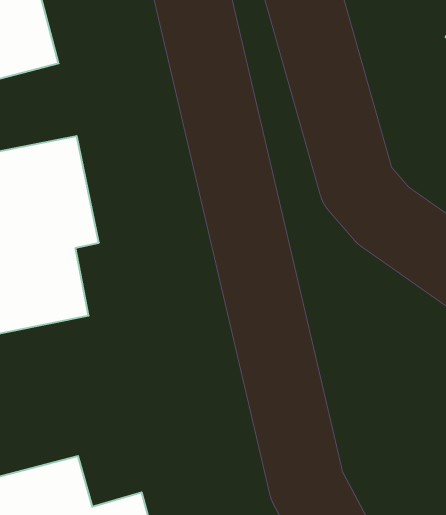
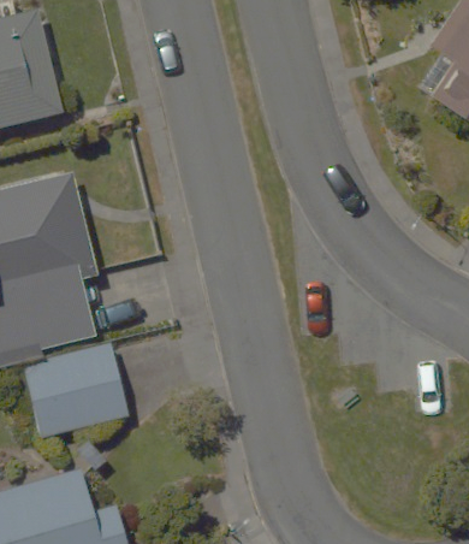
building: none -> [13,350,123,444]

